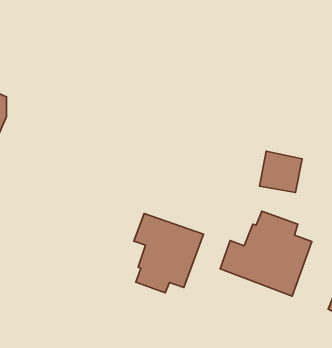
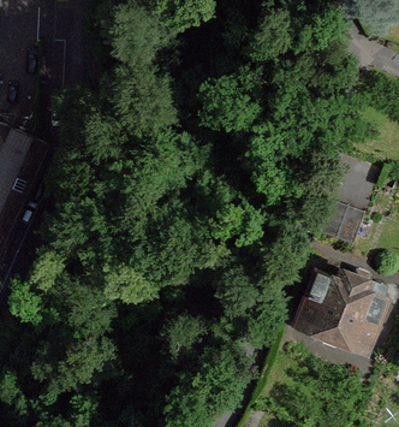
building: [134,214,204,293] -> none

